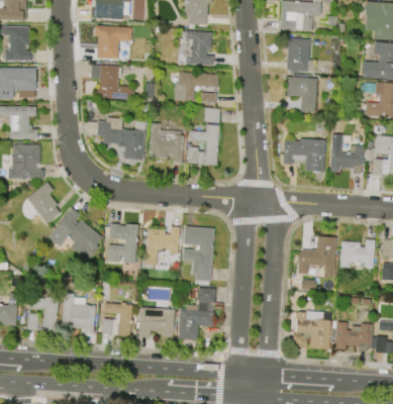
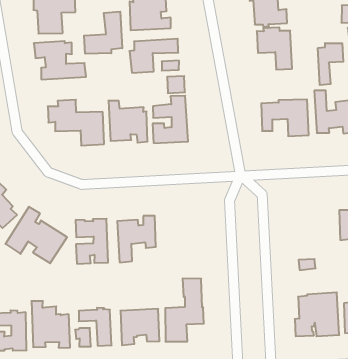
building: none -> [84,12,122,54]
building: none -> [318,43,343,85]
building: [183,226,214,285] -> none
building: [299,236,336,276] -> none

